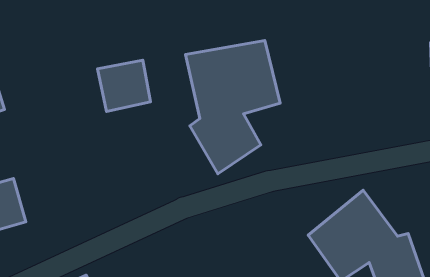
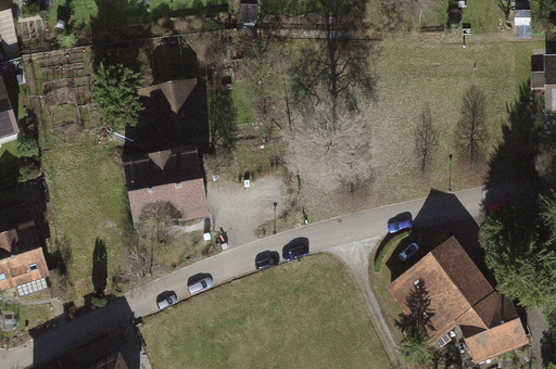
building: [186,41,280,174] -> none
building: none -> [122,149,207,227]

